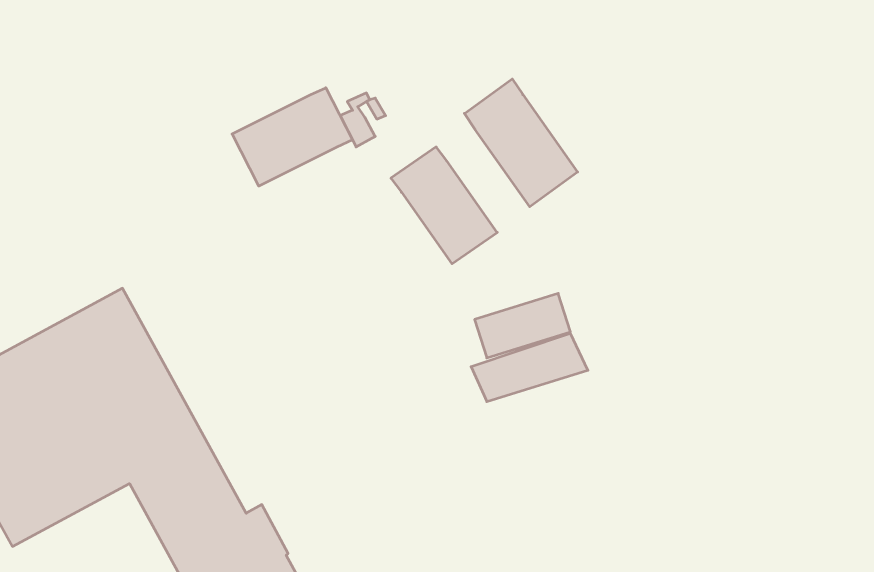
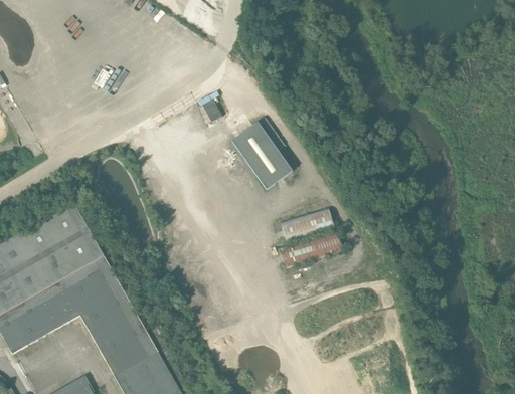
building: [464,79,578,207] -> none
building: [232,88,352,186] -> none

